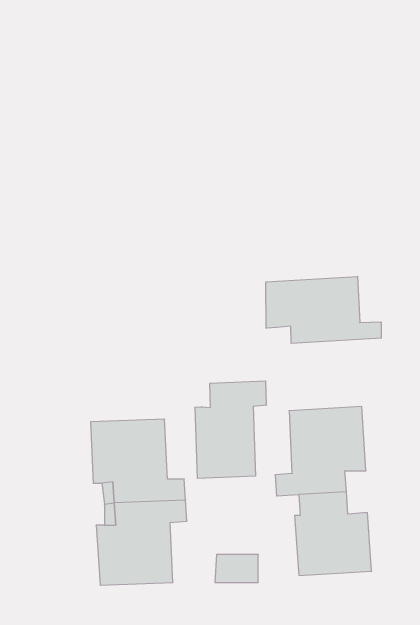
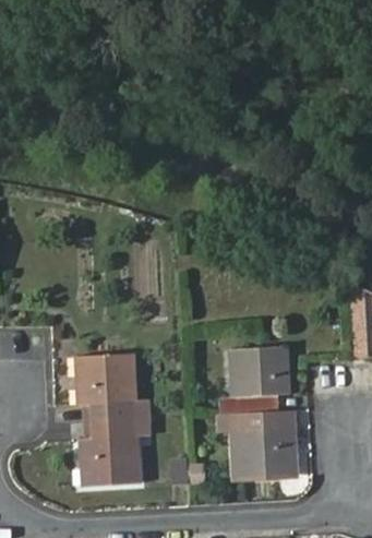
building: [266,276,381,343] -> none
building: [195,381,266,478] -> none

